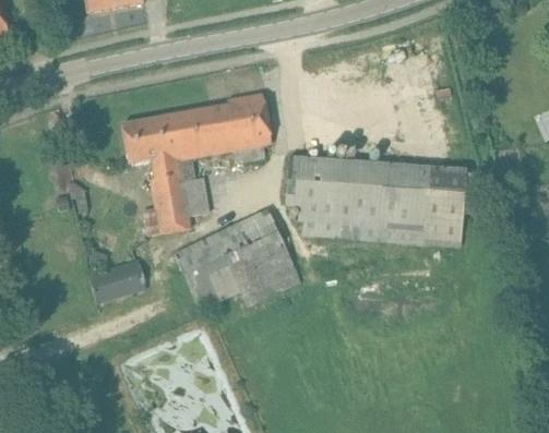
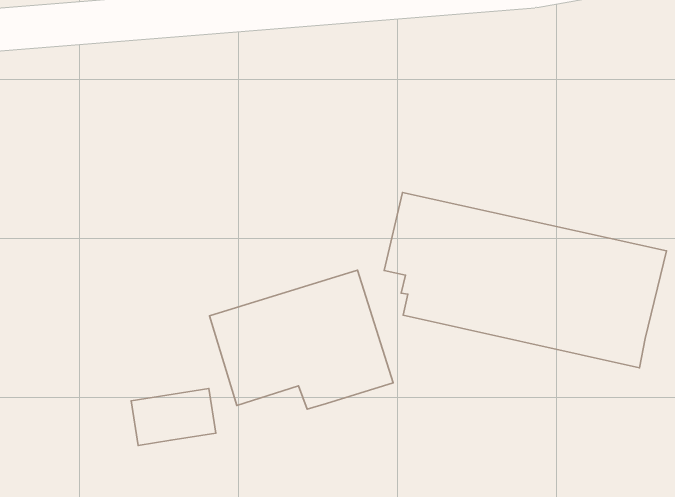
building: [121,94,271,234] -> none
building: [88,258,146,302] -> [131,389,216,446]

